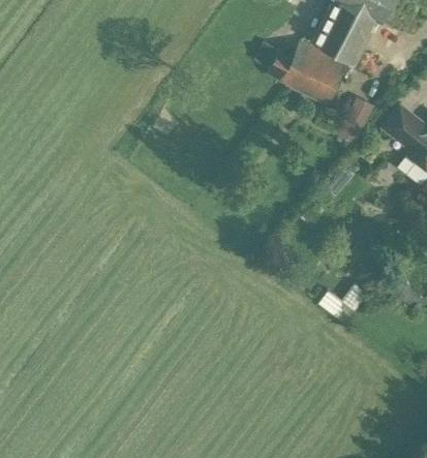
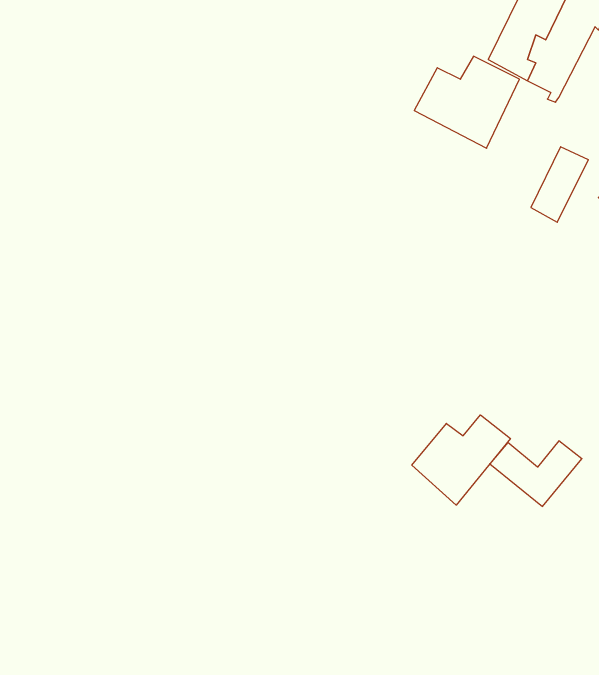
building: [312,53,350,104] -> none
building: none -> [412,415,510,505]

